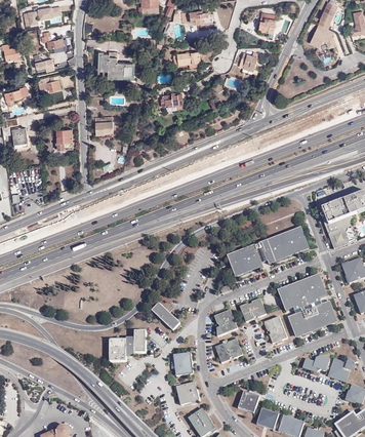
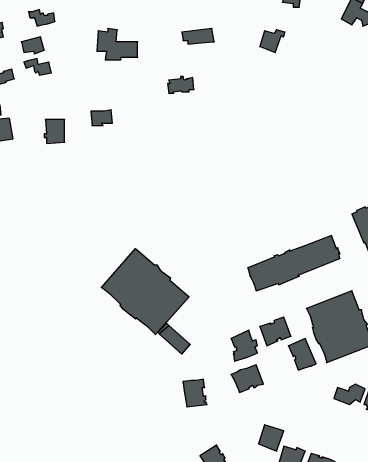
building: none -> [101,249,189,335]
building: [110,330,146,361] -> none
building: [173,381,199,405] -> none

